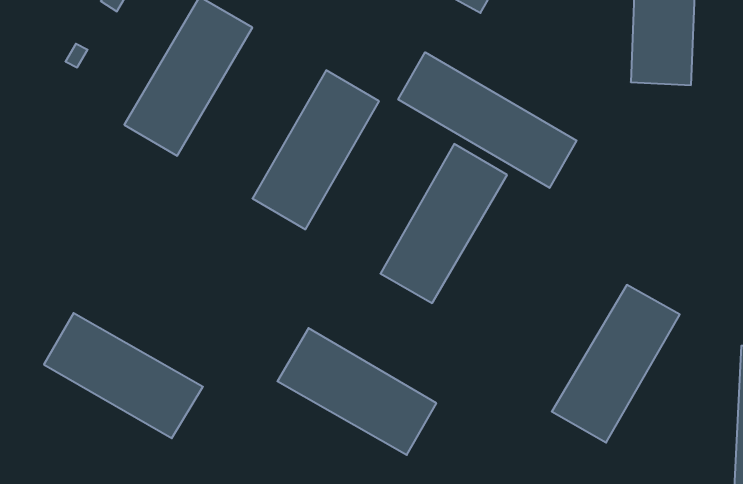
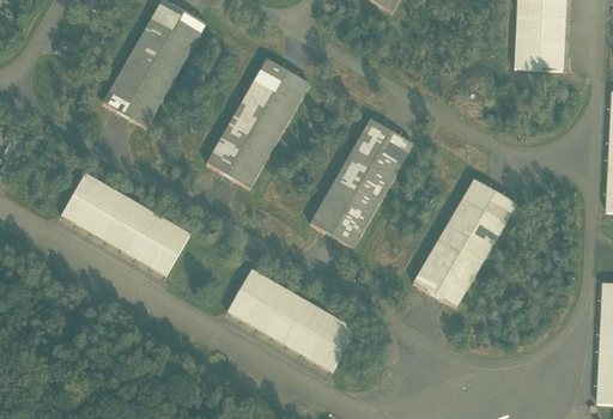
building: [398,52,577,188] -> none
building: [552,285,680,443] -> [412,180,516,308]
building: [44,313,203,438] -> [61,174,190,275]

